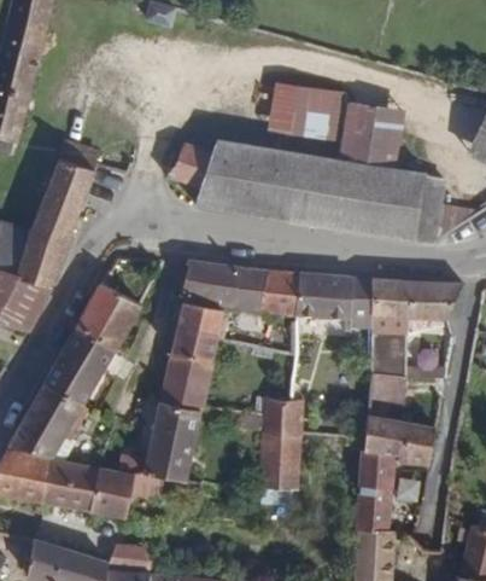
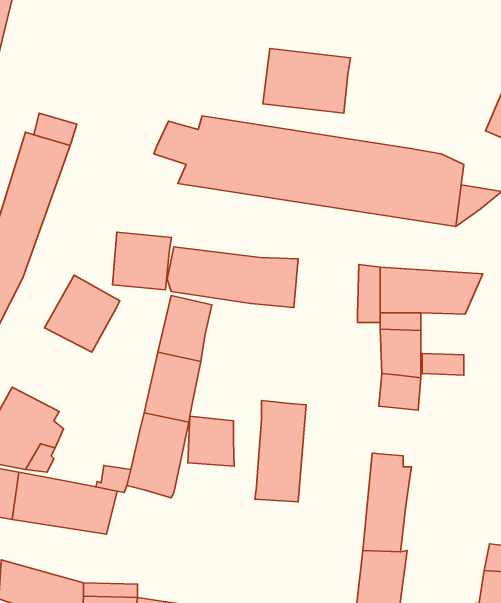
building: [335,105,403,172] -> none
building: none -> [112,232,171,290]
building: [294,271,352,320] -> none
building: [42,332,113,407] -> none
building: none -> [188,416,234,466]
building: [364,417,434,470] -> none

